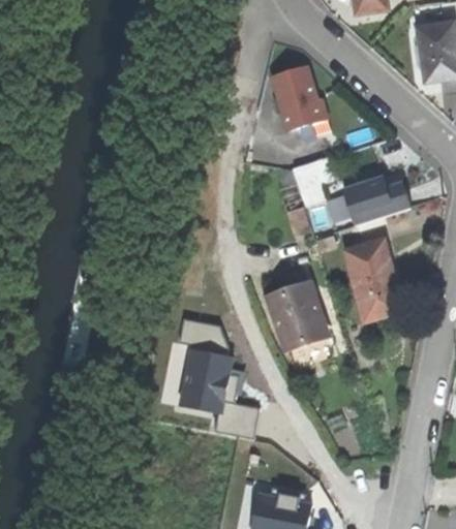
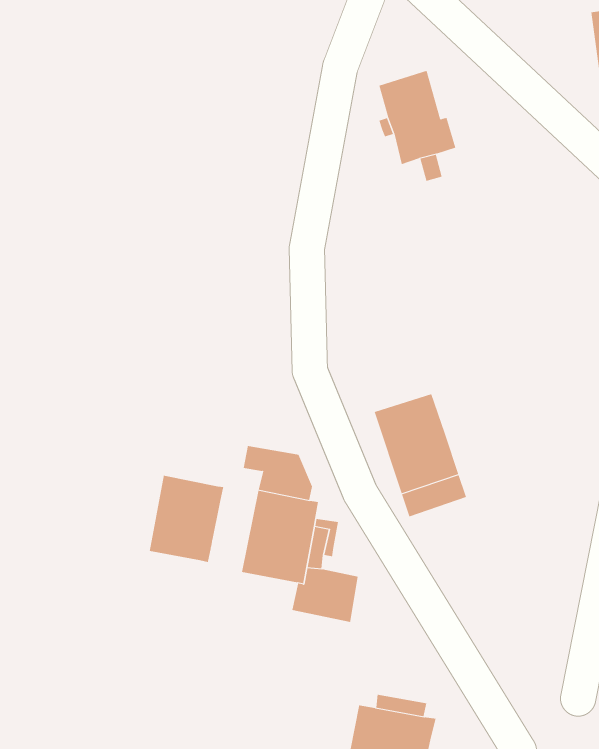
building: [292,157,336,205] -> none
building: [341,175,408,225] -> none
building: [343,240,400,320] -> none
building: none -> [149,475,224,563]

